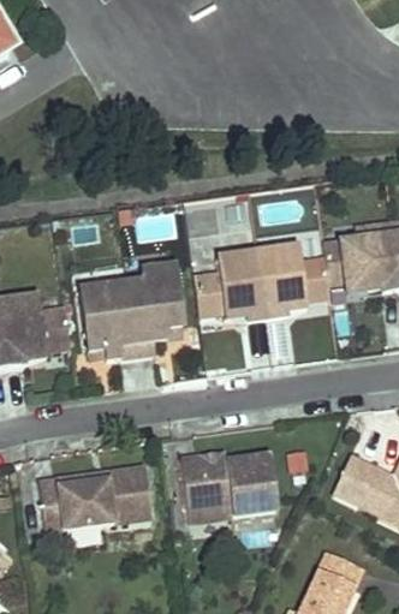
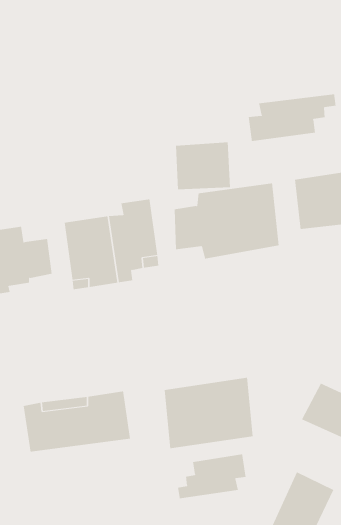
building: none -> [248,93,336,142]
building: none -> [178,453,246,499]

